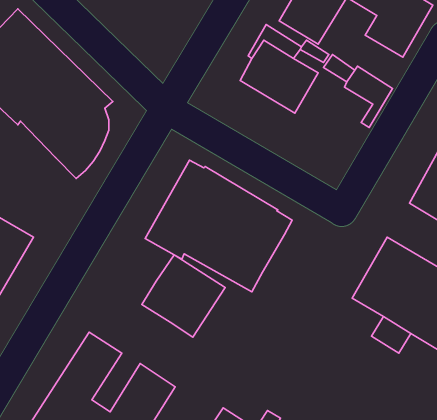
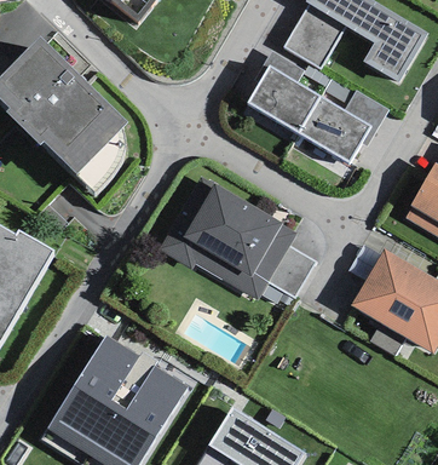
building: none -> [298,96,370,162]
building: none -> [267,246,315,297]
building: [142,255,225,337] -> none

